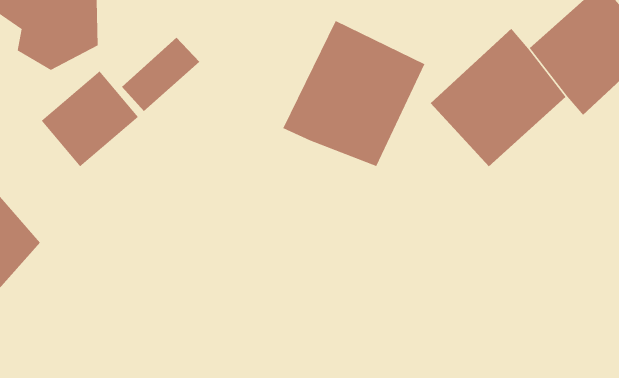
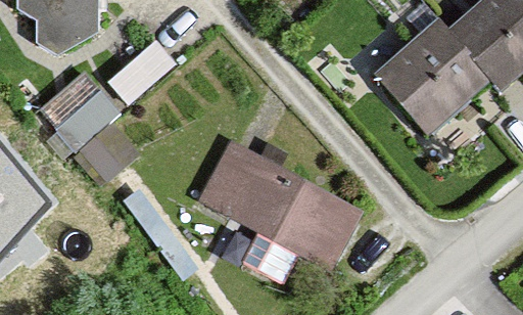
building: [282,20,425,167] -> none
building: none -> [202,143,353,260]

